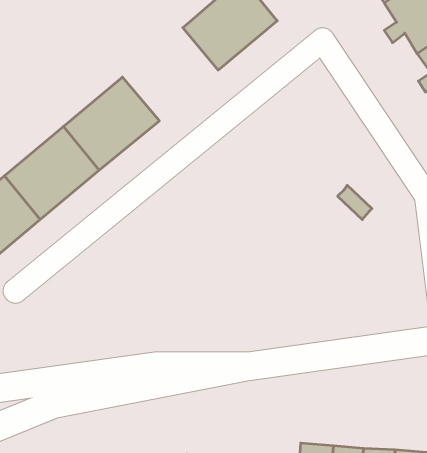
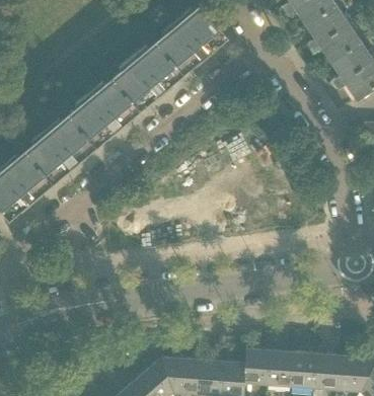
building: none -> [113,42,183,110]

